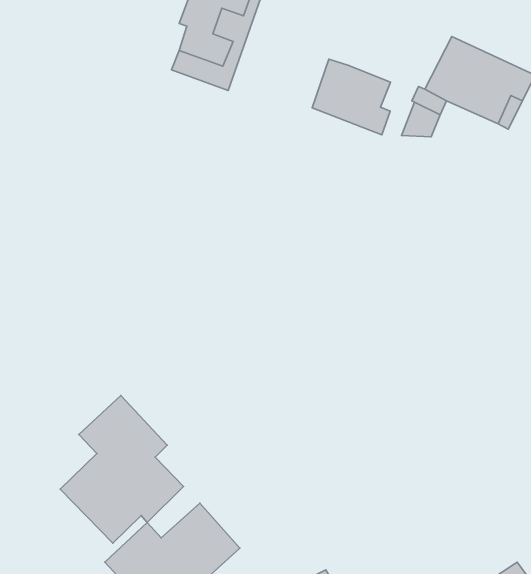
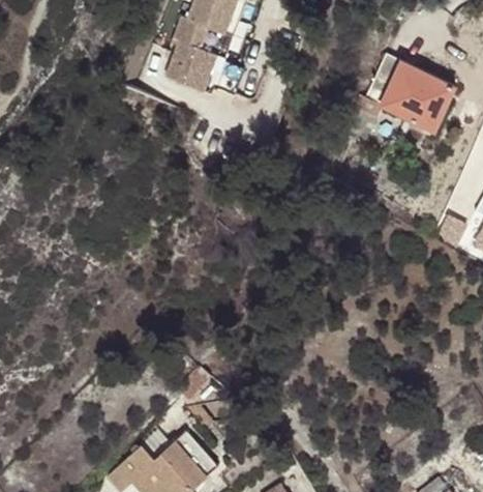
building: [312,59,391,135] -> none
building: [60,395,184,543] -> none

